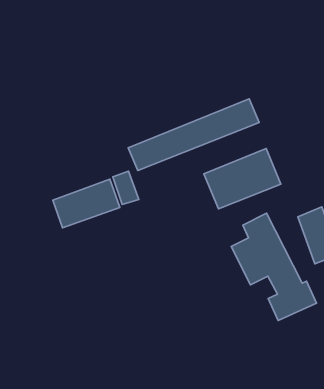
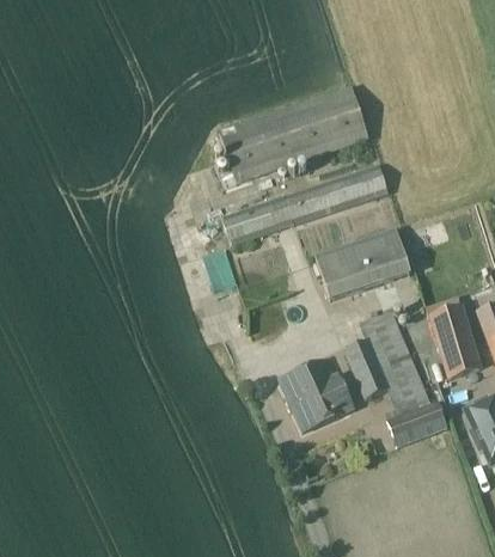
building: none -> [220,87,367,180]
building: [53,179,120,228] -> none
building: none -> [279,360,353,431]

